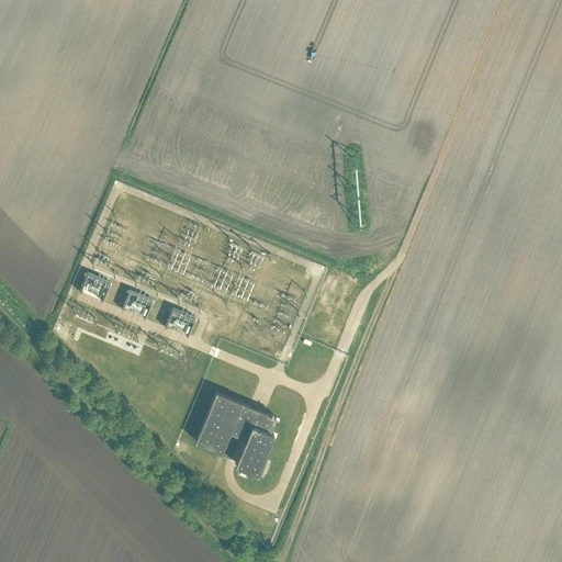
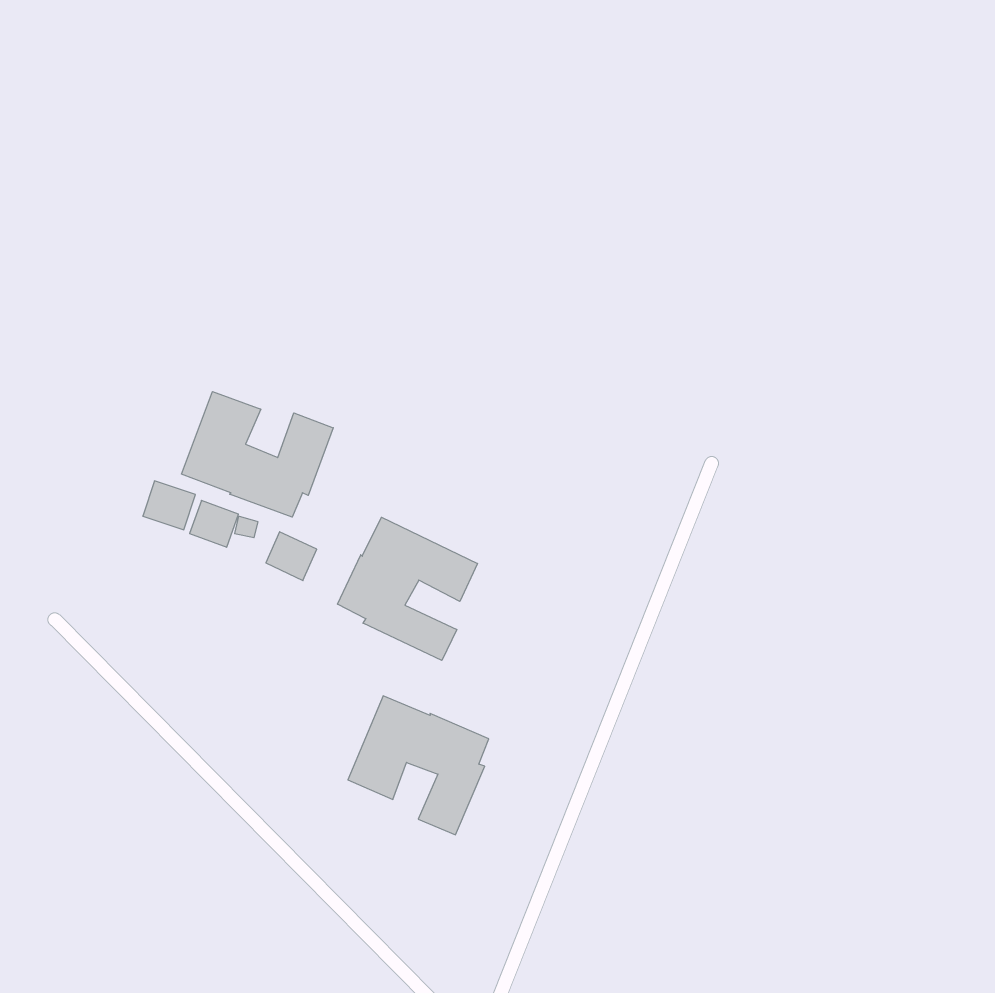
building: none -> [181,392,333,517]
building: none -> [338,517,477,660]

